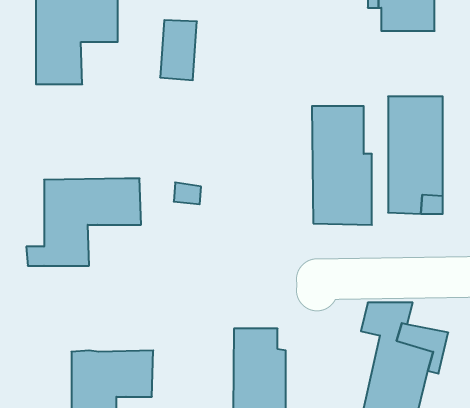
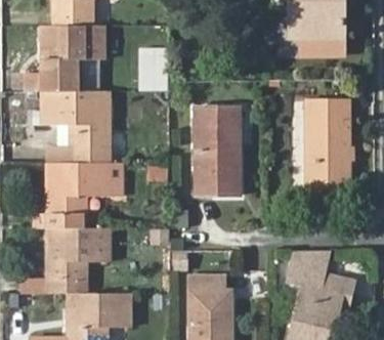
building: none -> [43,92,110,164]
building: [312,106,372,225] -> [196,107,241,196]
building: none -> [49,227,110,293]

